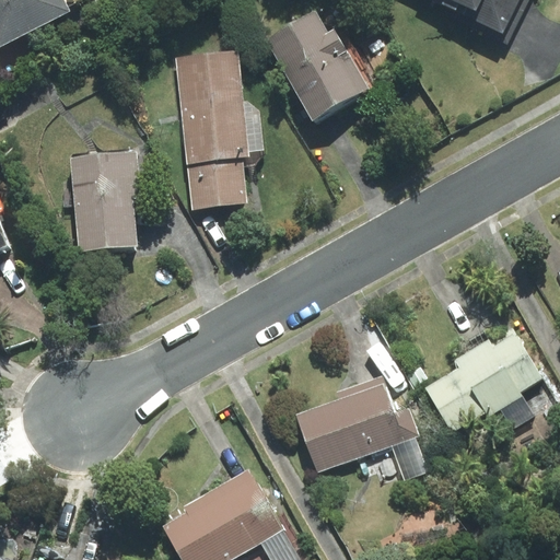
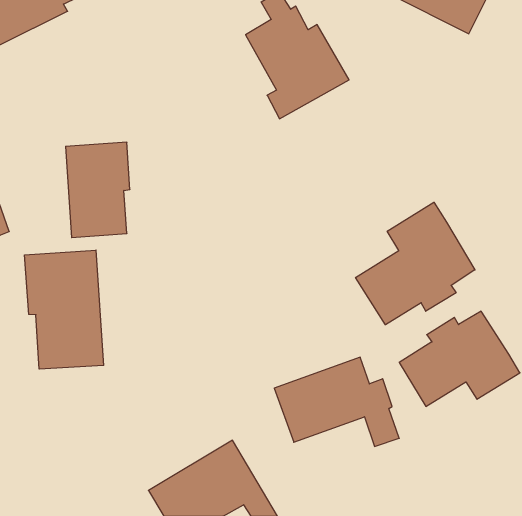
building: [175,51,264,208] -> none
building: none -> [356,202,475,325]
building: none -> [25,250,104,369]

